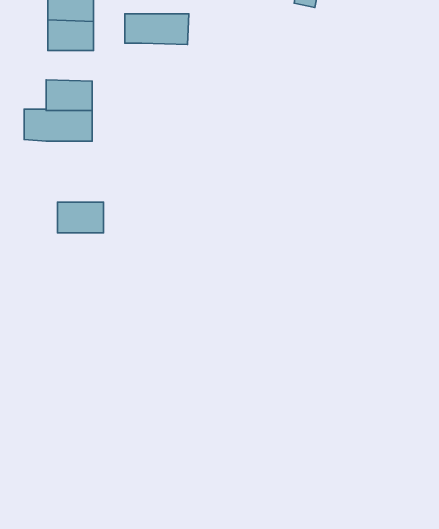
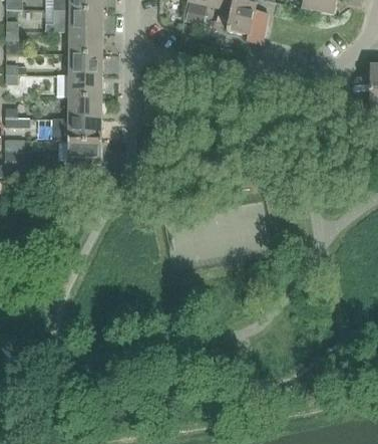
building: [125,14,189,45] -> [56,74,102,96]
building: [58,202,104,233] -> [68,140,101,162]

